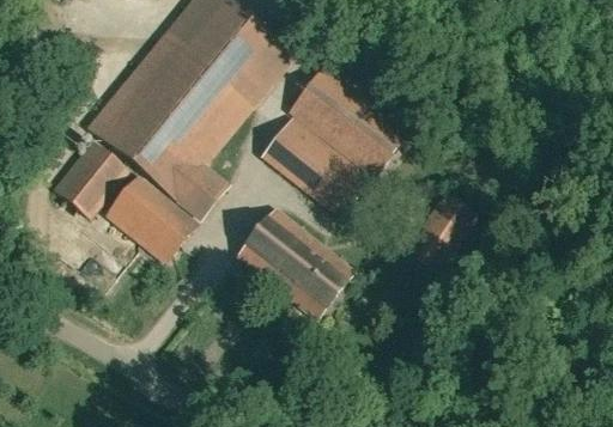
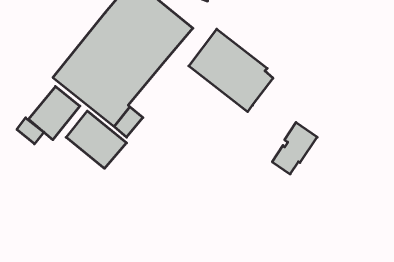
building: [260,116,371,219] -> none
building: none -> [17,118,44,144]
building: [238,209,353,317] -> none

